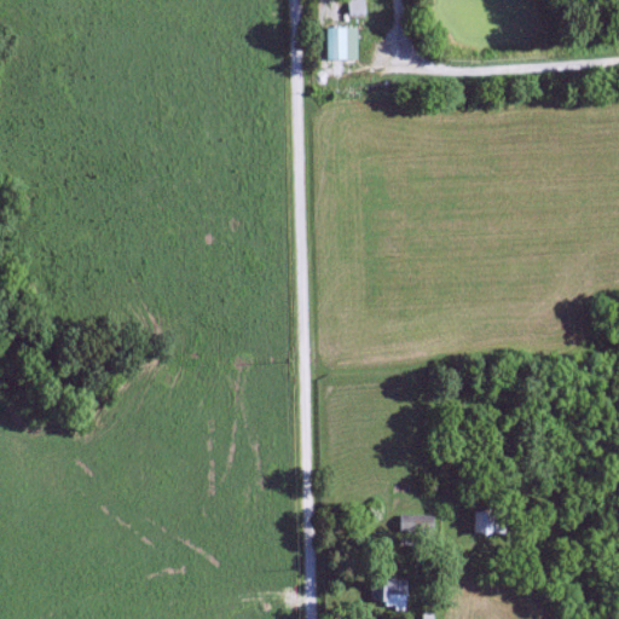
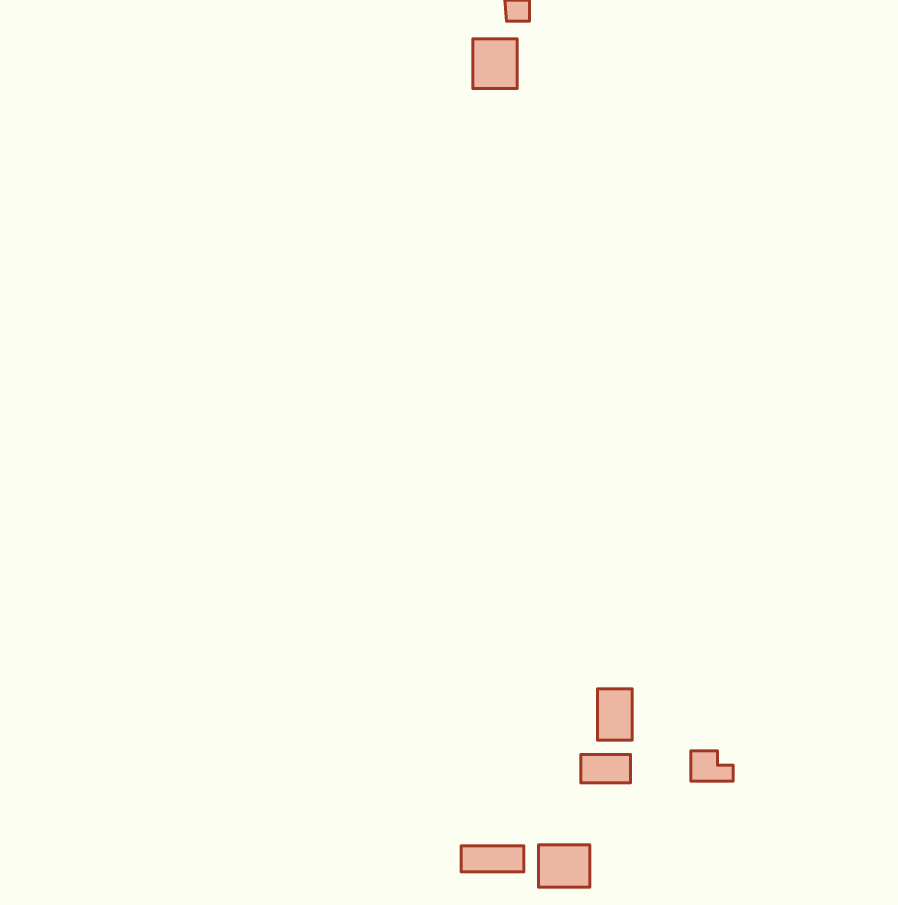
building: none -> [598,689,632,740]
building: none -> [461,846,524,872]

